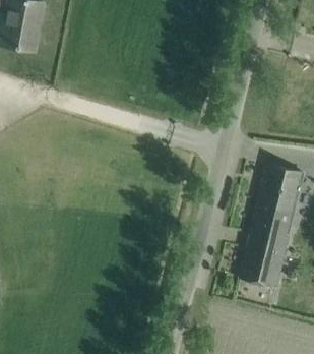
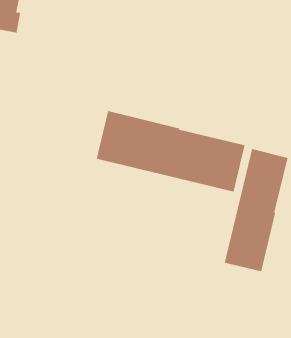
building: none -> [96,110,245,192]

